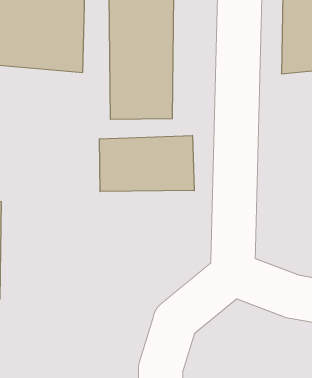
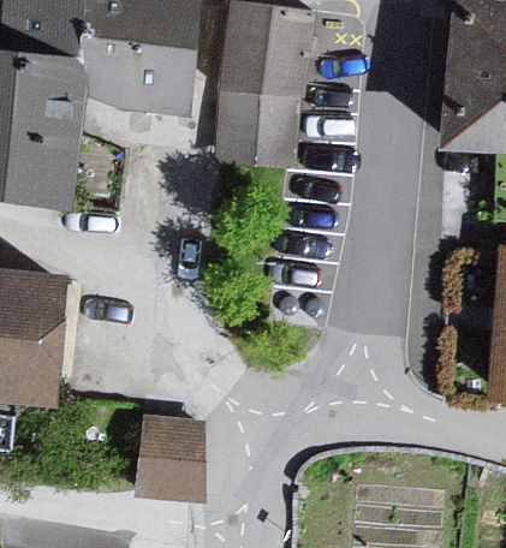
building: [100,135,194,192] -> none
building: none -> [142,418,204,496]

